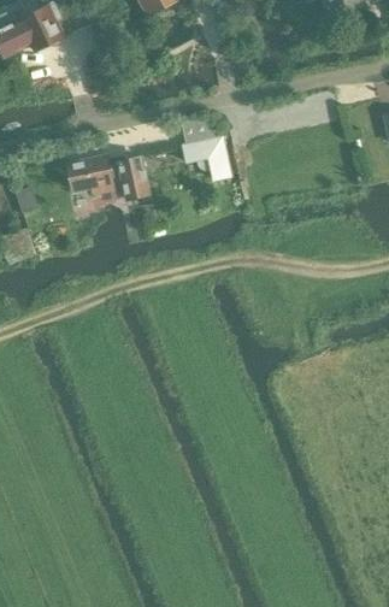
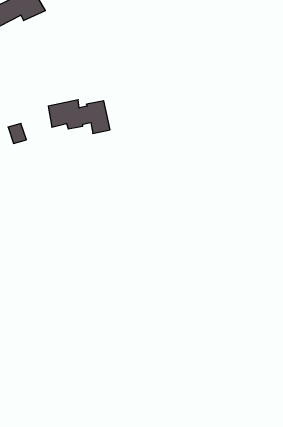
building: [182,135,229,177] -> none

